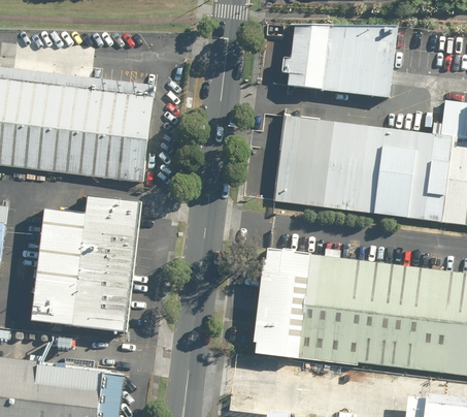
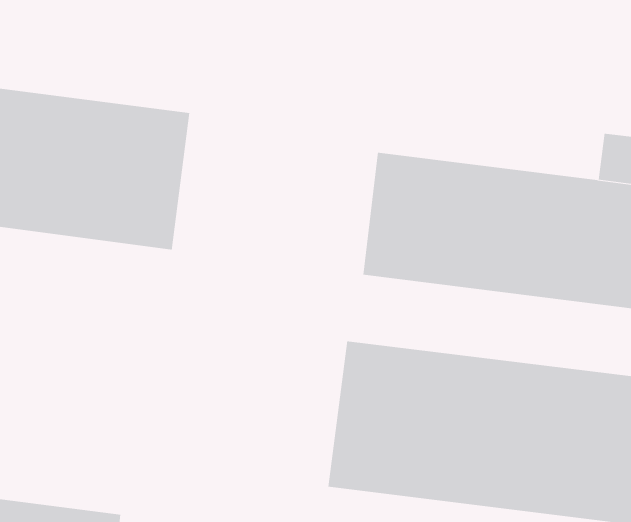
building: [287,25,397,98] -> none
building: [31,196,141,333] -> none

